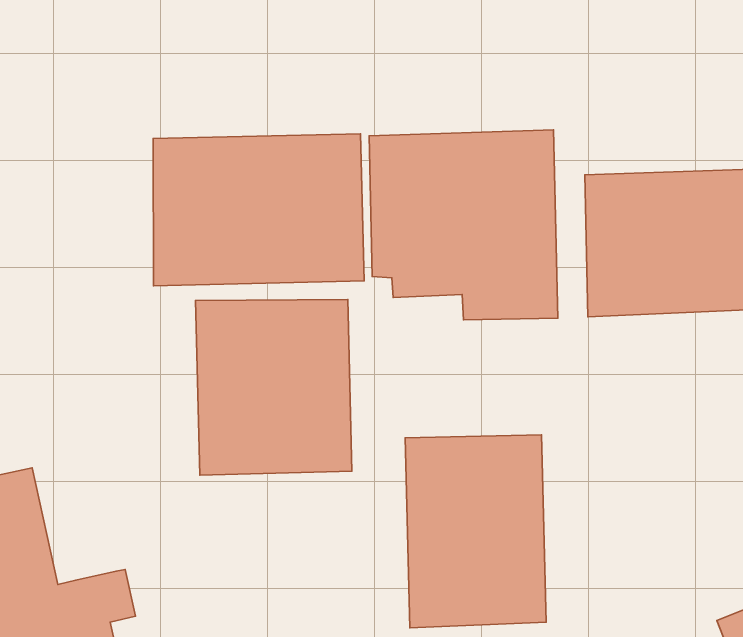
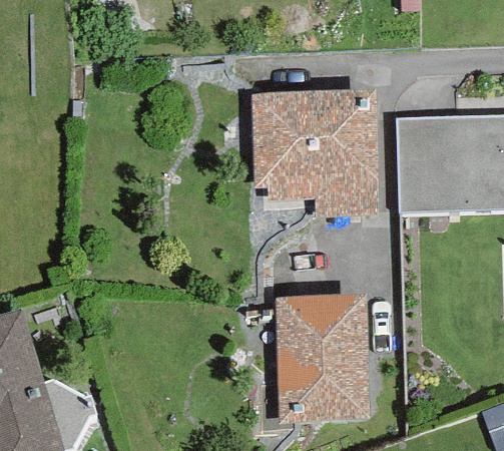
building: [153,134,364,286] -> none
building: [196,299,352,475] -> none

